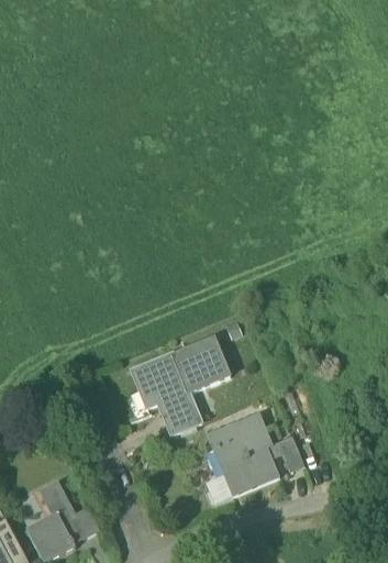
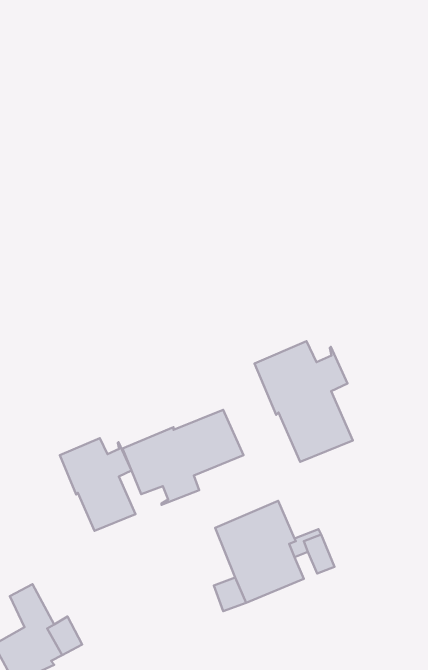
building: none -> [255,341,353,462]
building: none -> [60,438,135,531]
building: [163,405,201,434] -> none

